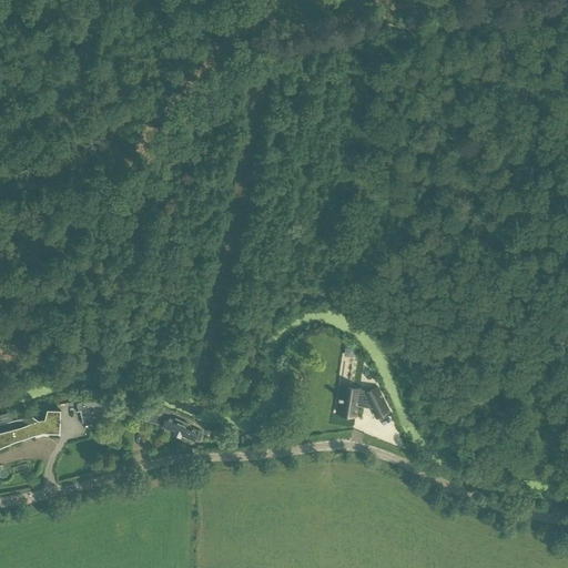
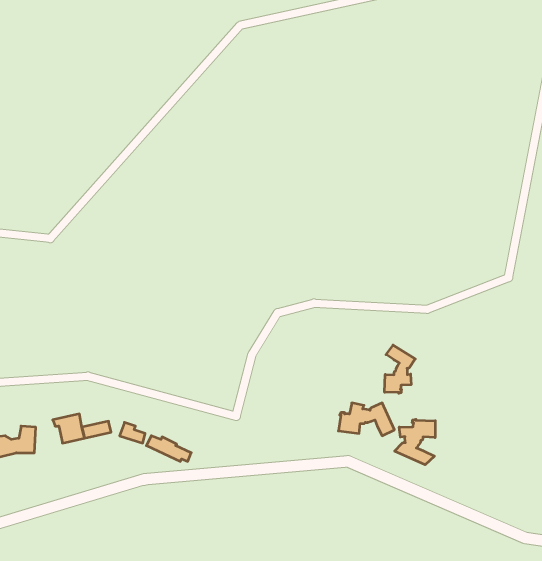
building: none -> [385,345,415,393]
building: none -> [395,419,435,465]

